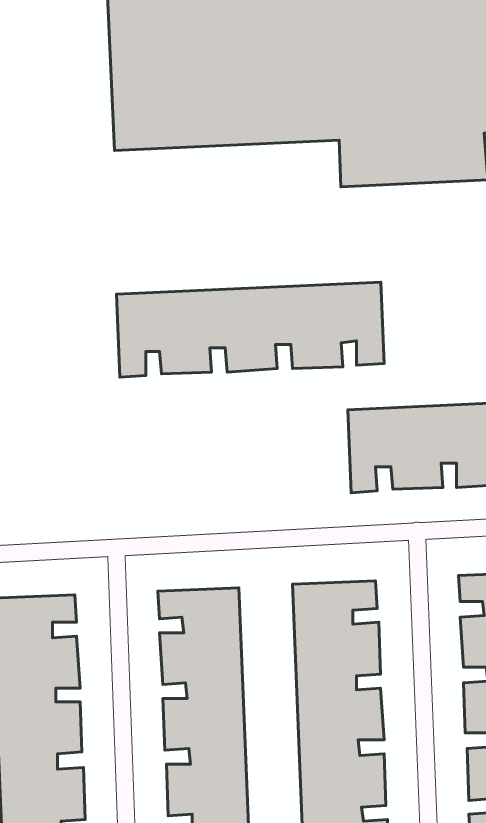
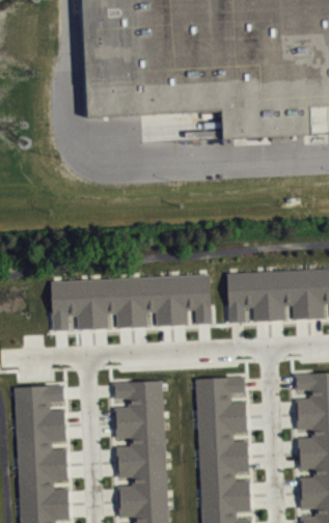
building: [116,282,384,377] -> [52,274,213,331]

